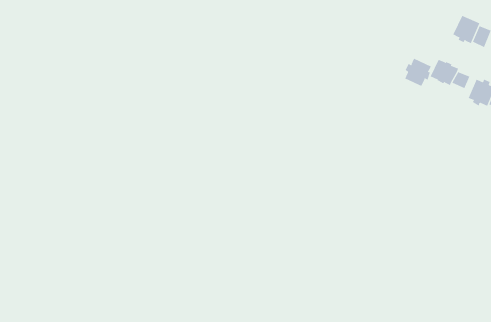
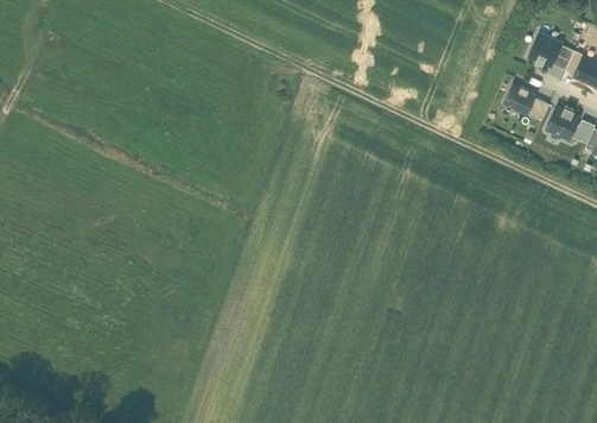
building: [405,58,431,87] -> none

